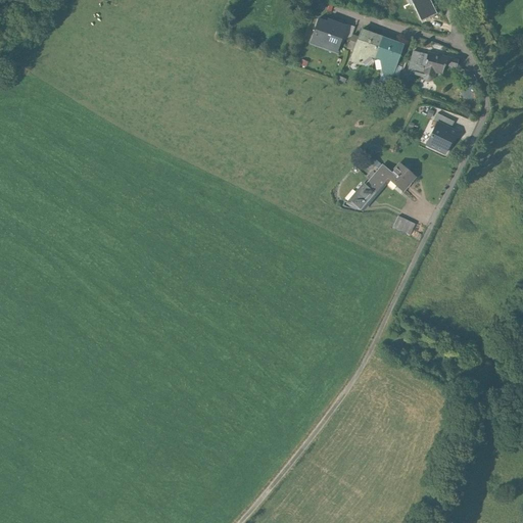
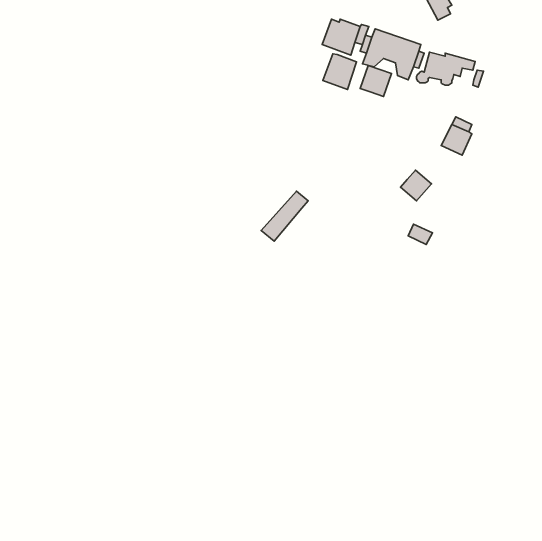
building: none -> [323,54,356,89]
building: none -> [360,65,392,96]
building: [347,163,392,211] -> [261,191,308,241]

